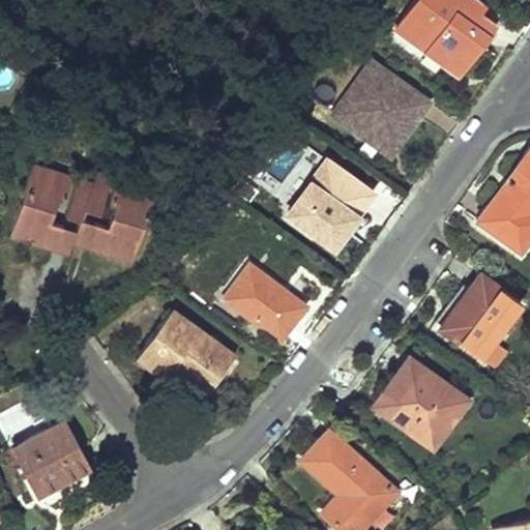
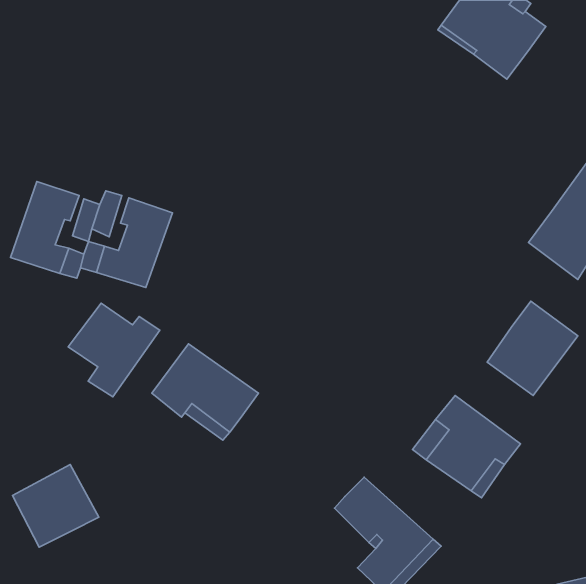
building: [328,56,436,163] -> none
building: [289,161,372,247] -> none
building: [225,266,305,340] -> none
building: none -> [68,303,160,397]

